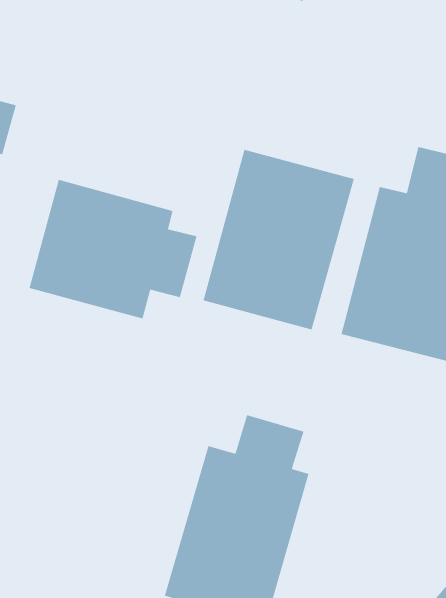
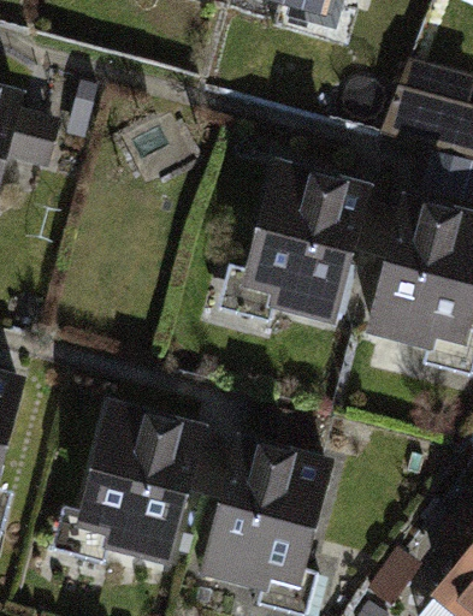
building: [28,179,198,320] -> none
building: none -> [70,401,206,568]

